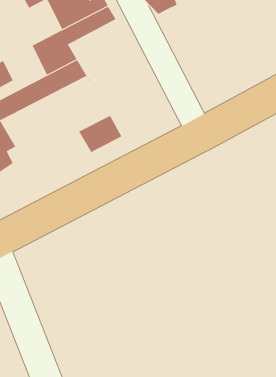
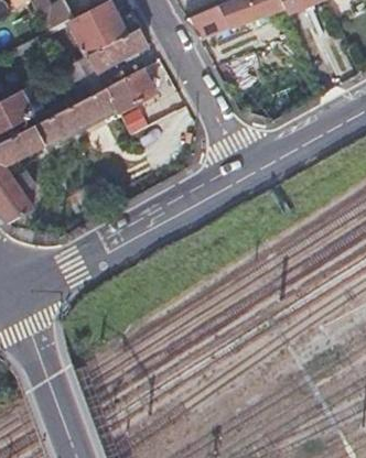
building: [78,115,122,153] -> [103,70,152,113]

